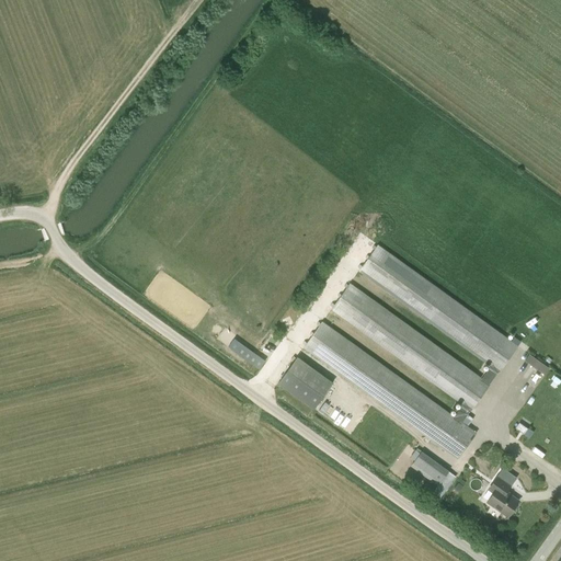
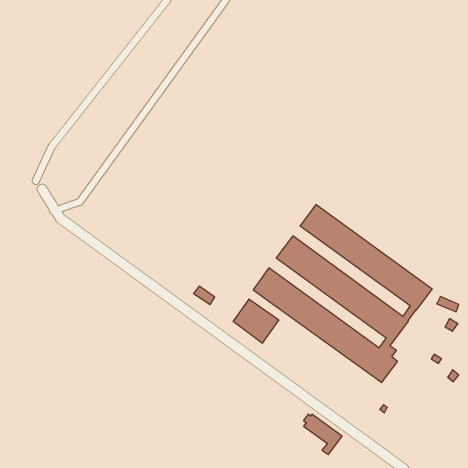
building: [411,451,457,500] -> [304,414,342,455]
building: [486,477,518,516] -> none

